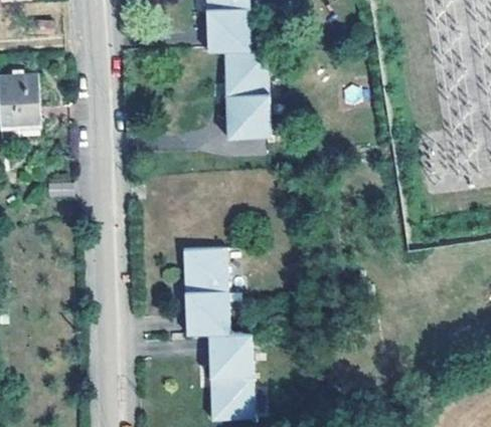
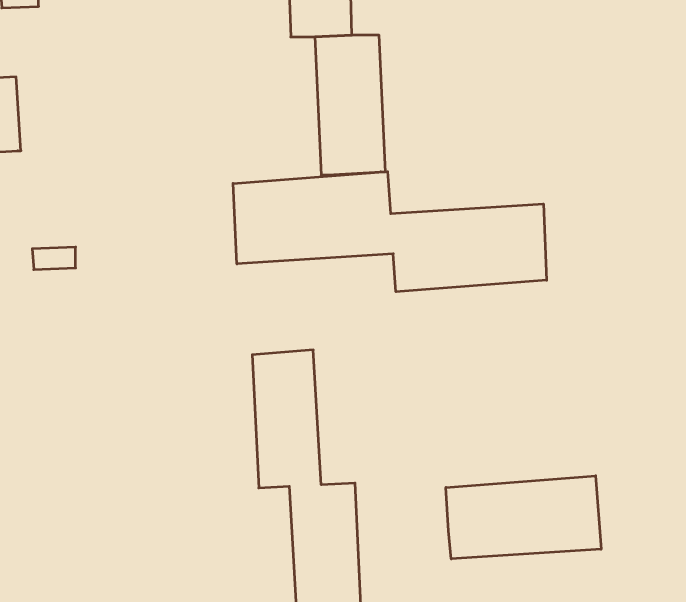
building: none -> [233,172,547,292]
building: none -> [446,476,601,559]

